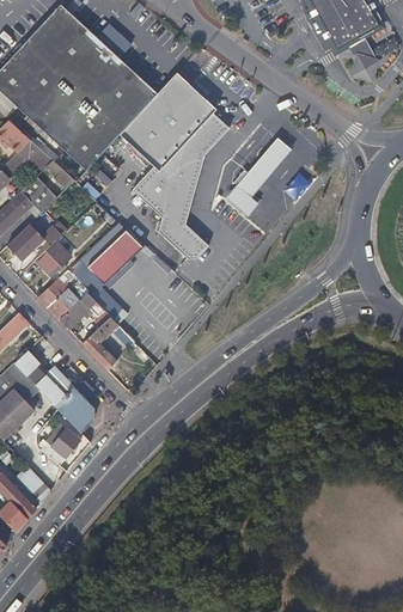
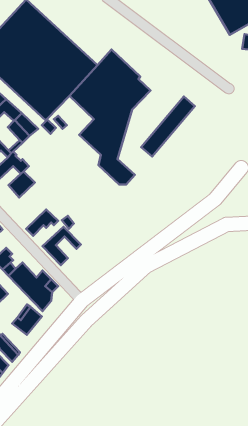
building: [87,228,144,286] -> none
building: [37,276,88,319] -> none

